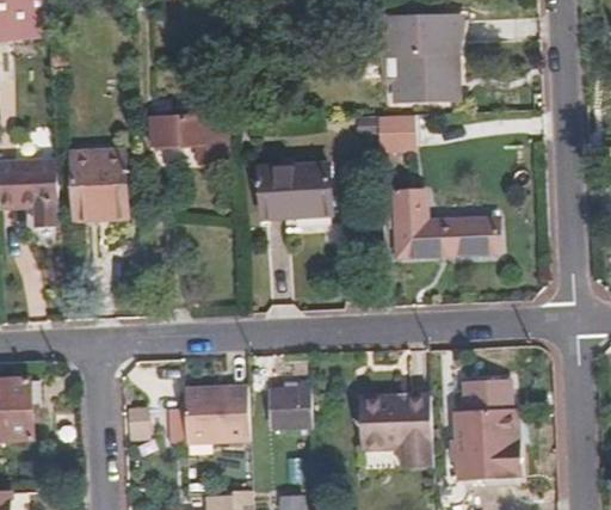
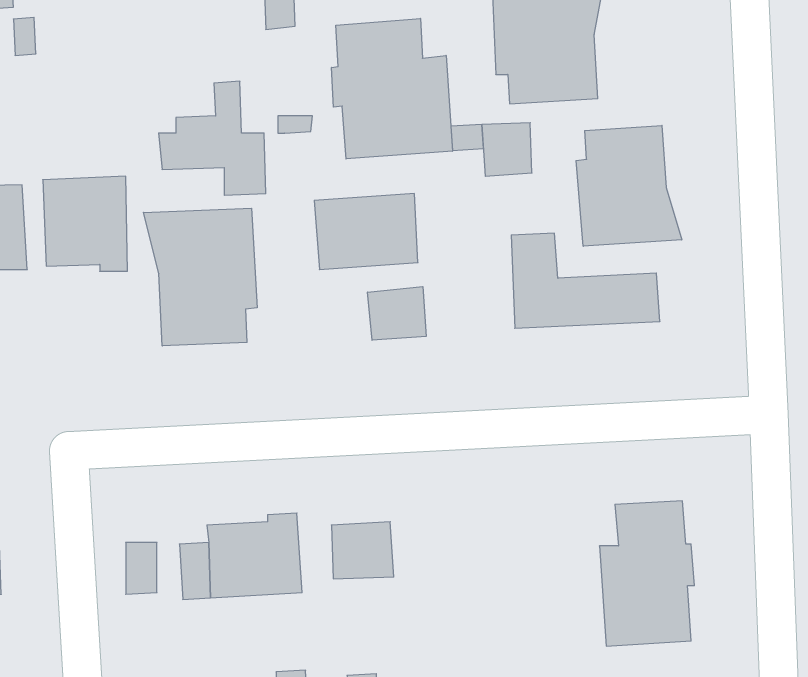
building: none -> [332,18,452,159]
building: none -> [576,125,682,246]
building: none -> [143,208,257,346]
building: none -> [368,287,426,340]
building: [359,394,433,467] -> none

